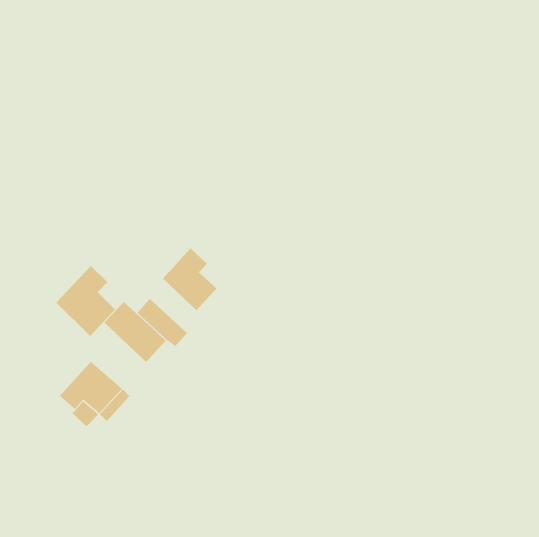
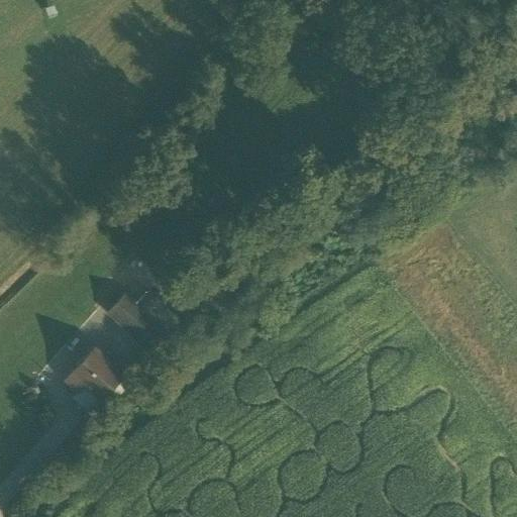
building: [162,247,217,311] -> none
building: [55,265,116,337] -> none

